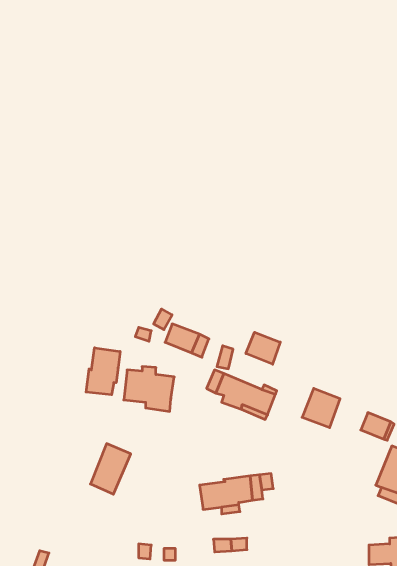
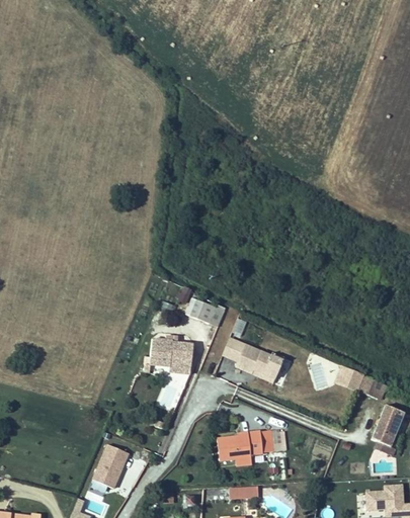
building: [246,332,280,364] -> none
building: [86,348,120,395] -> none
building: none -> [336,367,364,391]
building: [90,444,131,494] -> [93,443,129,488]

